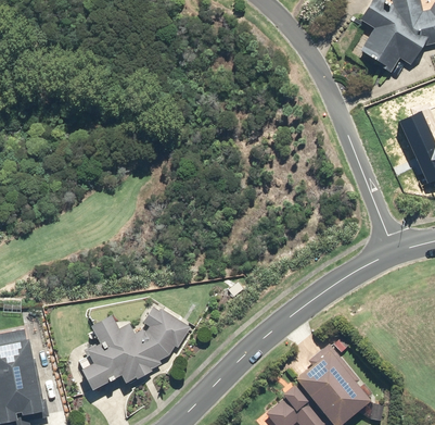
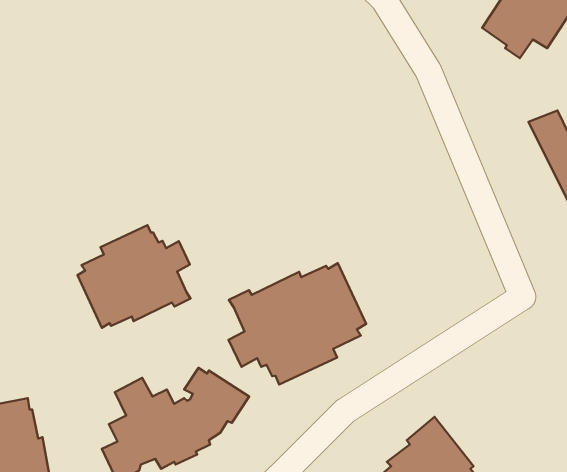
building: none -> [77,225,191,328]
building: none -> [229,263,366,384]

